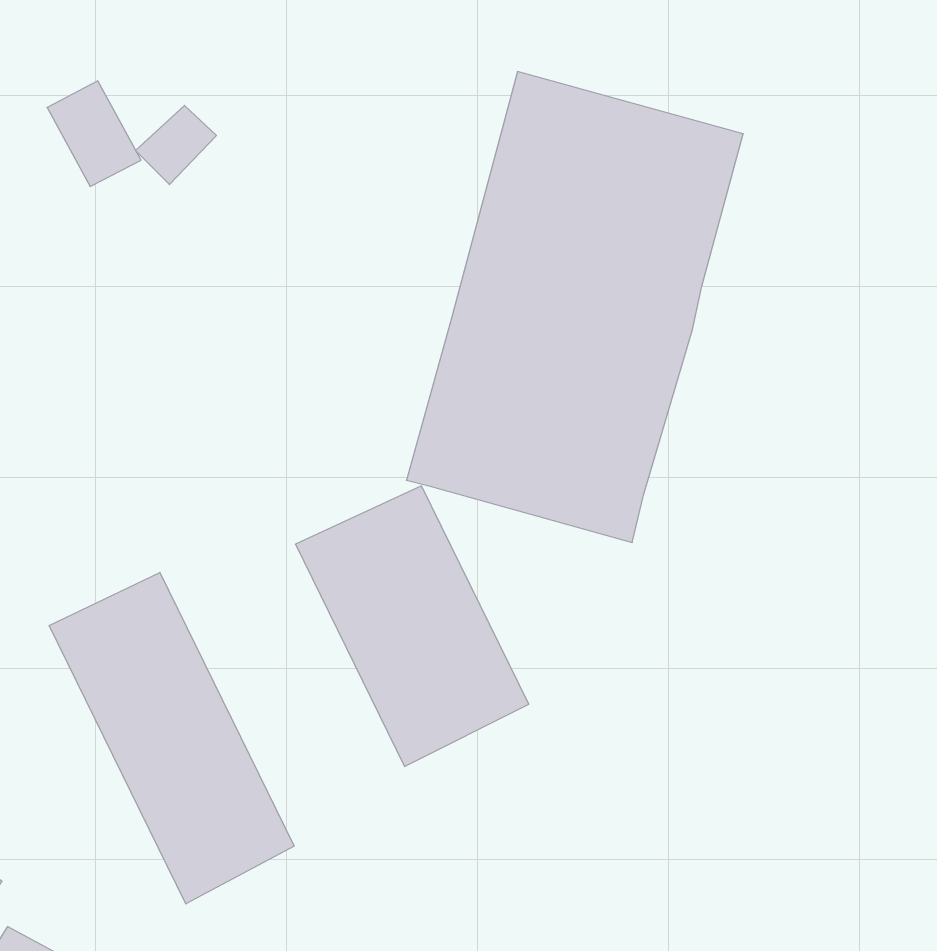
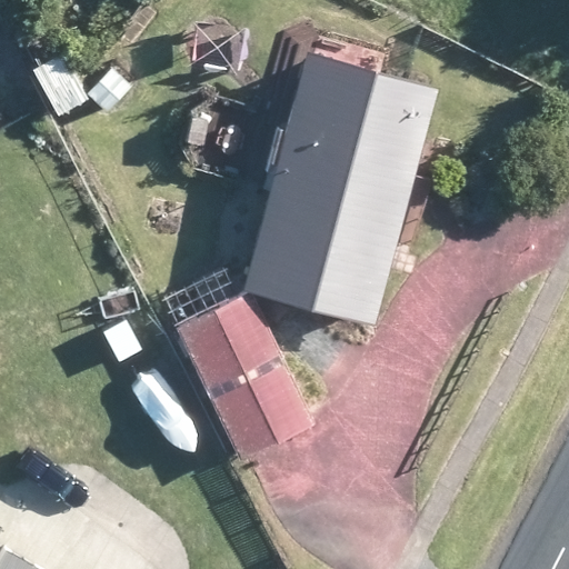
building: [49,572,294,904] -> none

